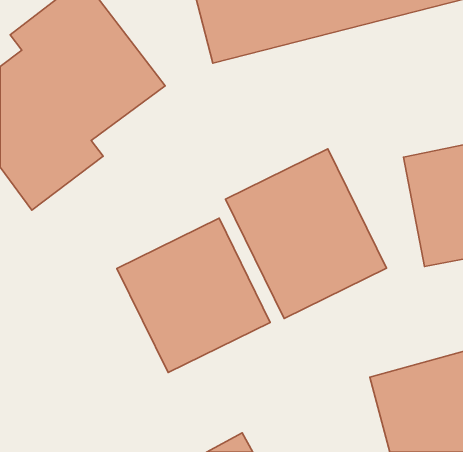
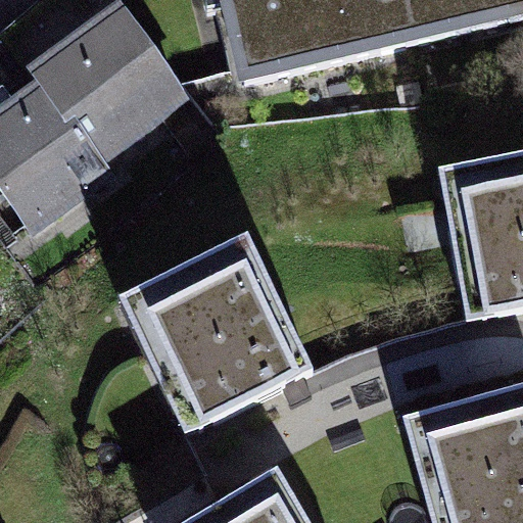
building: [226,149,387,318] -> none

